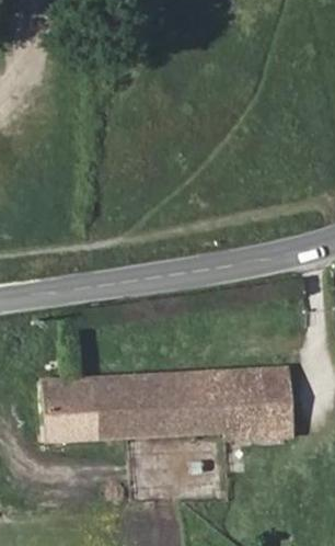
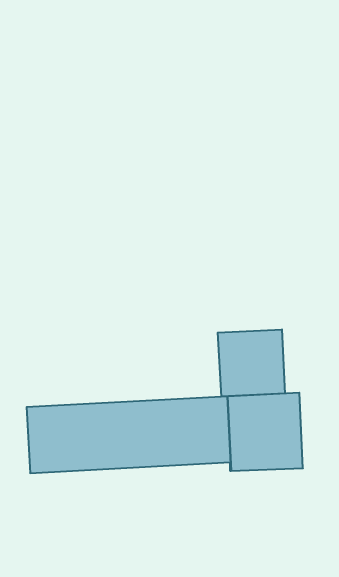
building: none -> [218,329,285,396]

